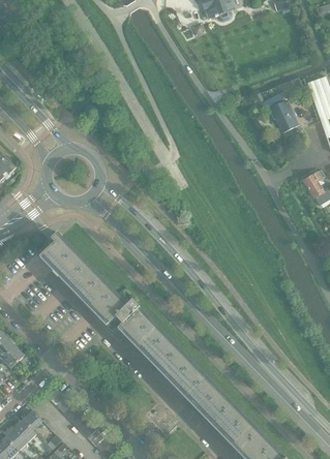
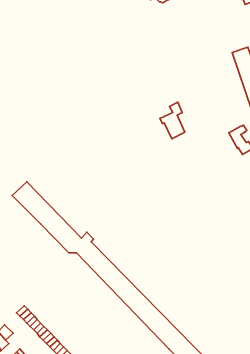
building: [266,88,296,132] -> [160,102,185,139]

